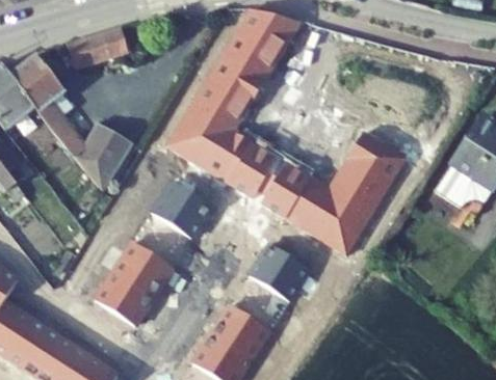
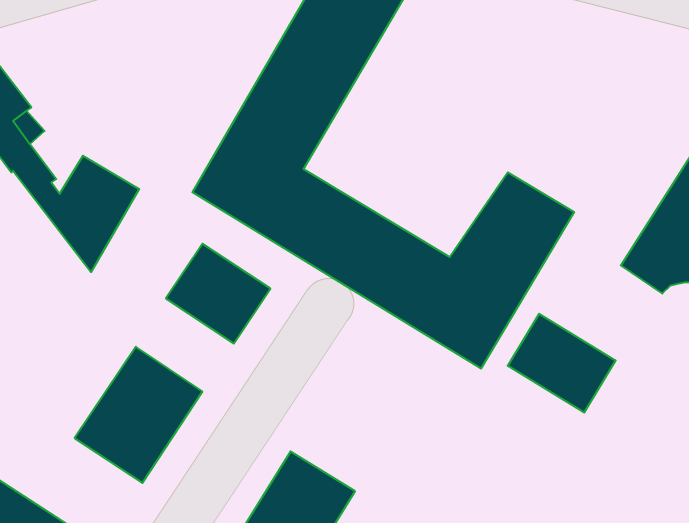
building: [68,29,127,65] -> none
building: none -> [508,314,616,413]
building: [249,244,310,302] -> none

